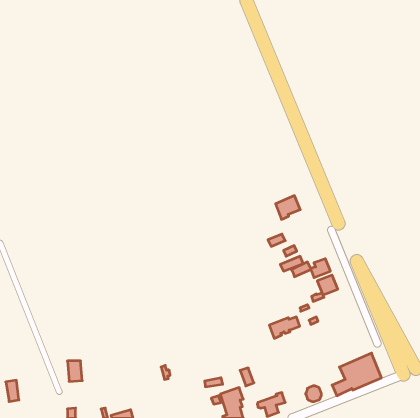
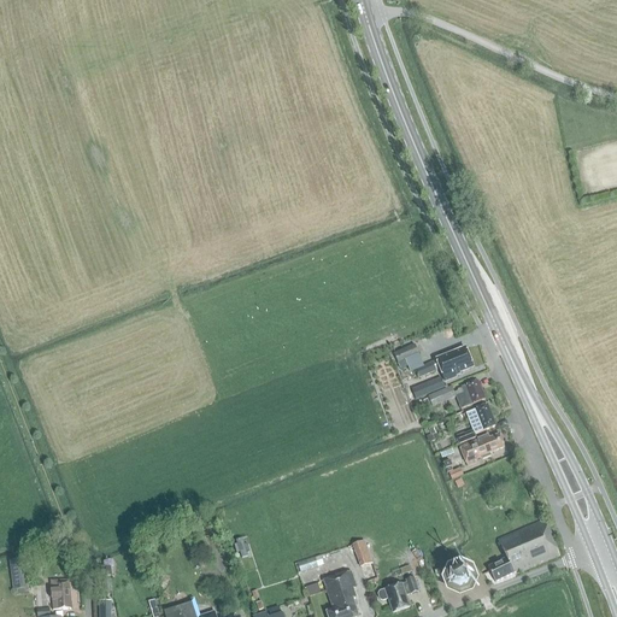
building: [276,196,300,219] -> [436,346,472,381]
building: [269,317,300,338] -> [459,433,504,464]
building: [67,361,82,381] -> [49,578,71,609]

